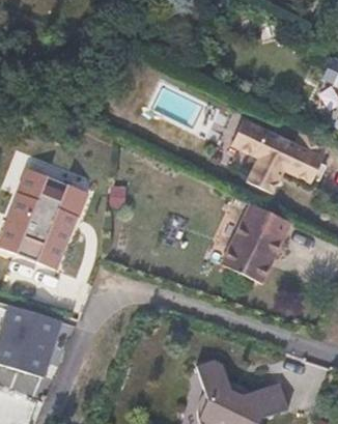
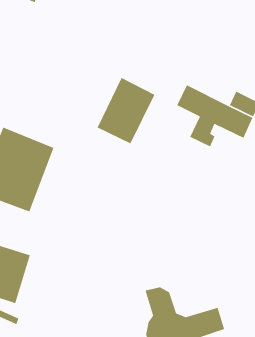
building: [221,202,290,282] -> [96,77,155,145]

